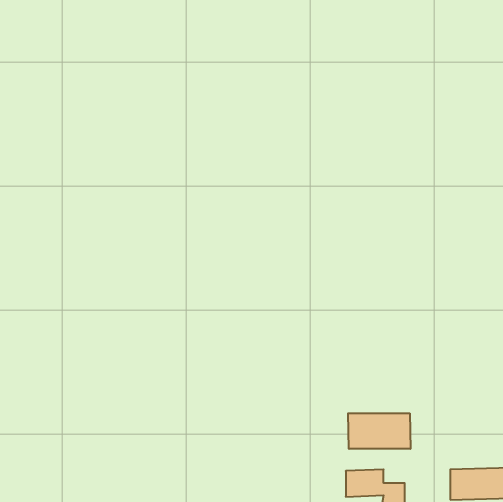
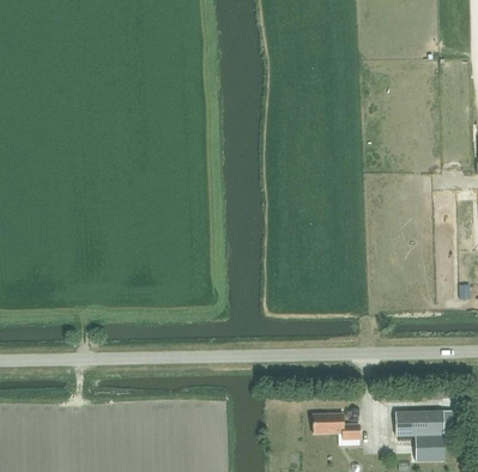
building: [348,413,410,449] -> none

